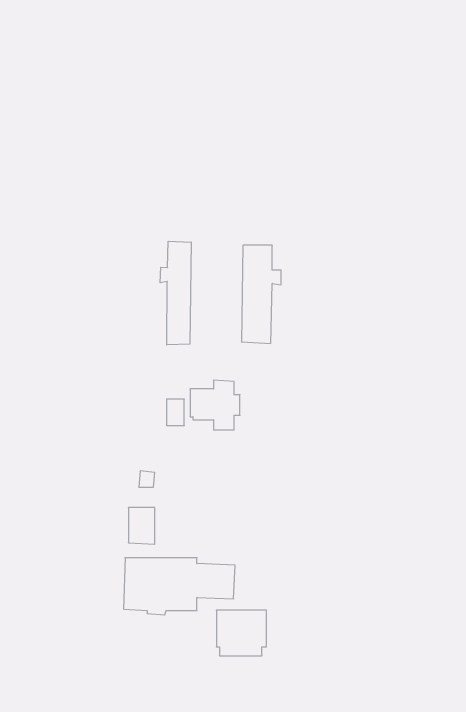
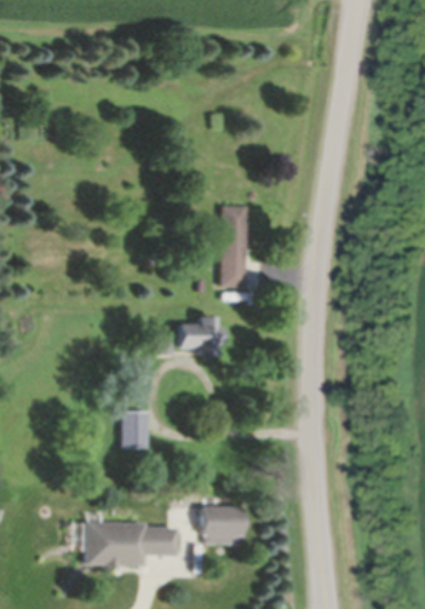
building: [160,241,191,345] -> none
building: [124,558,235,615] -> [85,522,177,569]

